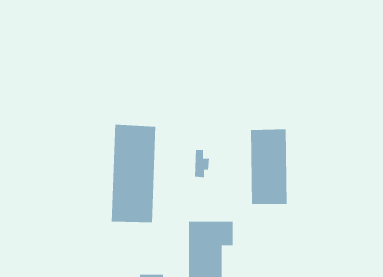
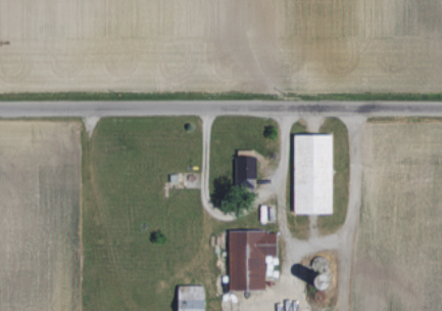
building: [111,124,156,223] -> none

